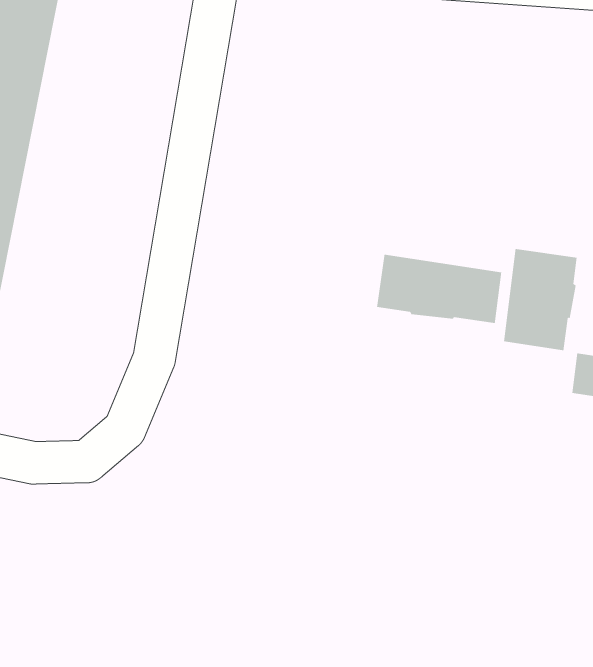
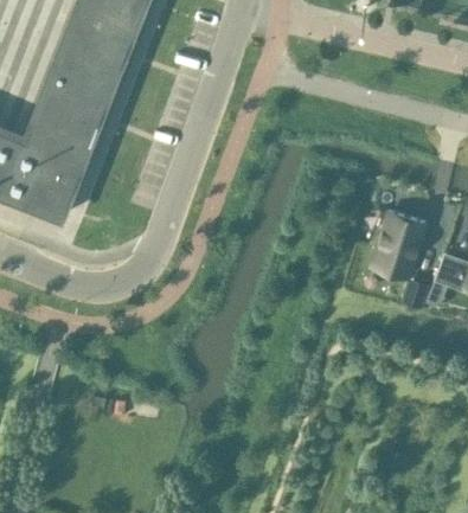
building: [377,254,502,324] -> none

